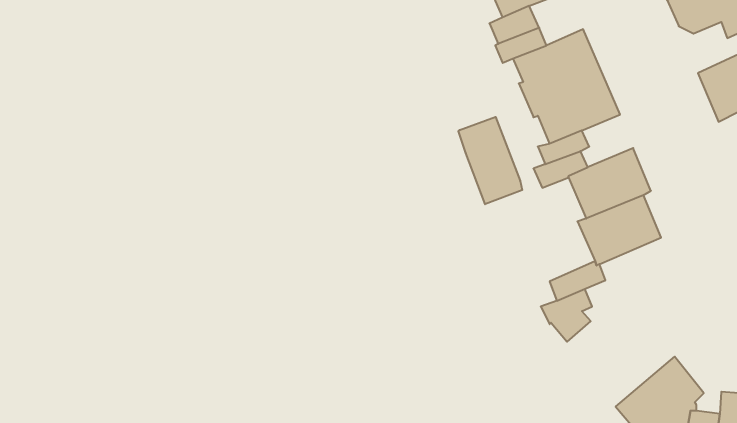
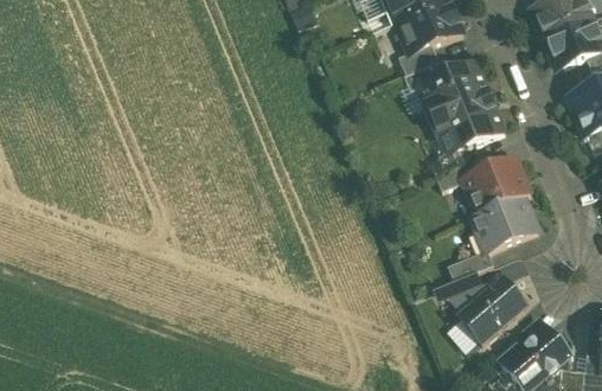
building: [458,117,522,204] -> none
building: none -> [459,277,524,341]

